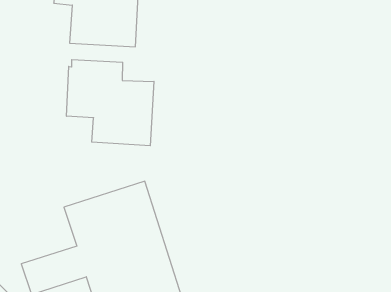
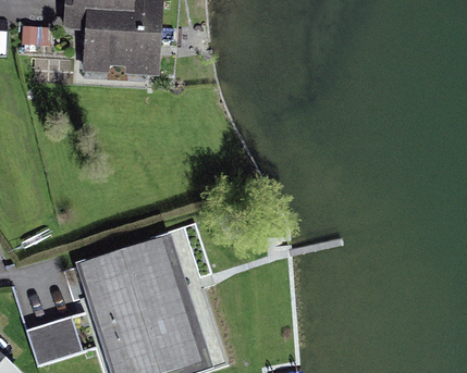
building: [67,60,154,146] -> none

